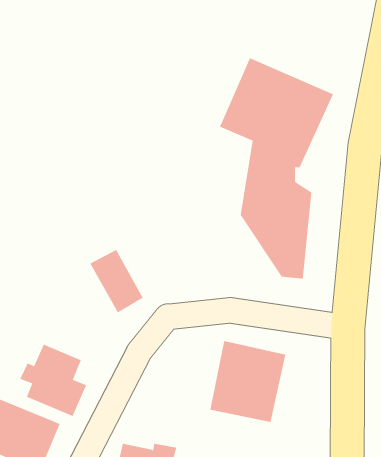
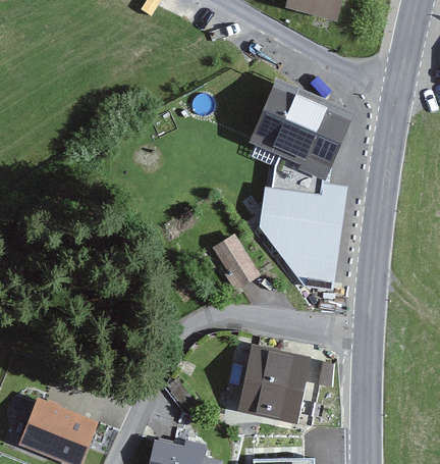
building: [89,249,143,313] -> [207,233,258,293]
building: [19,344,87,417] -> none

